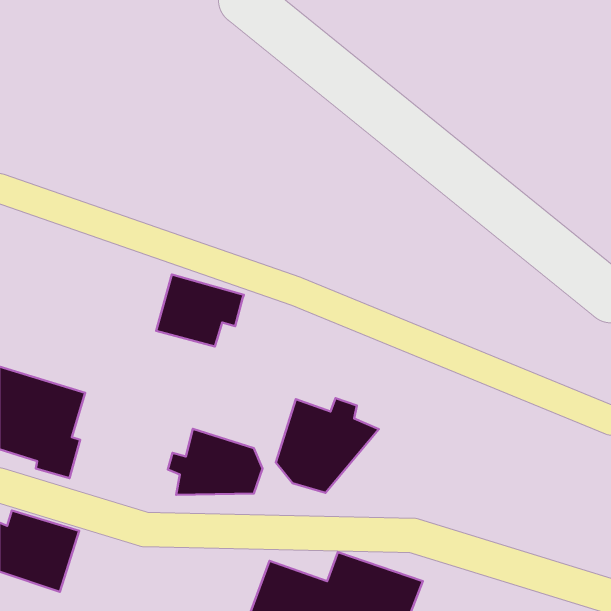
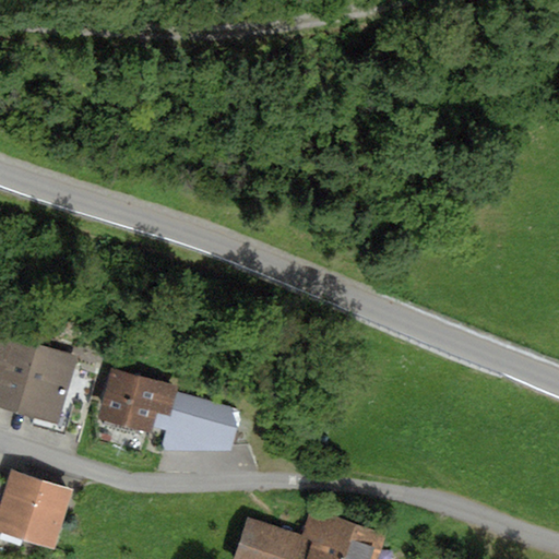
building: [156,275,244,346] -> [97,370,177,436]
building: [276,398,379,493] -> none

